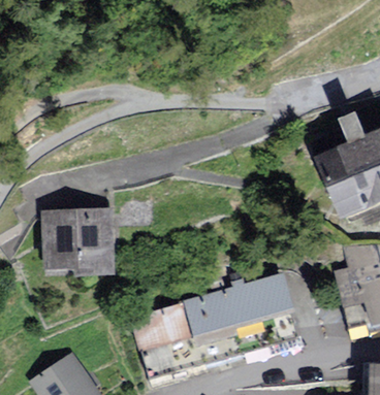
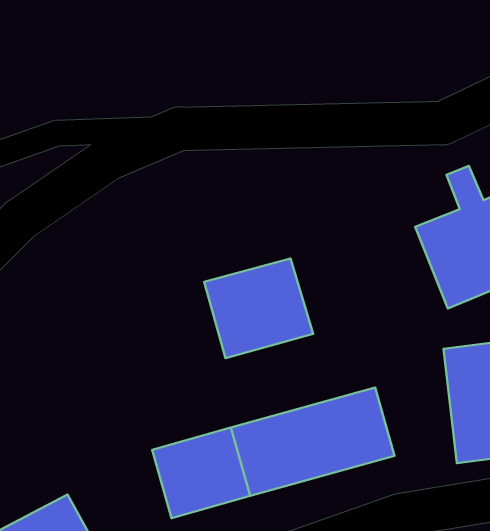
building: none -> [204,259,313,358]
building: [46,204,116,270] -> none

